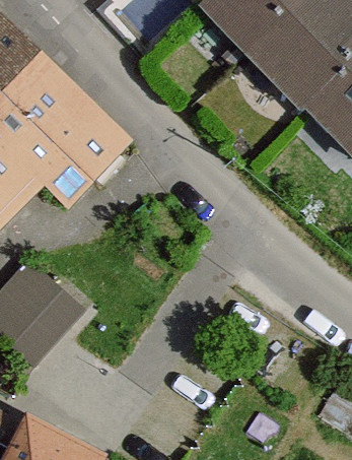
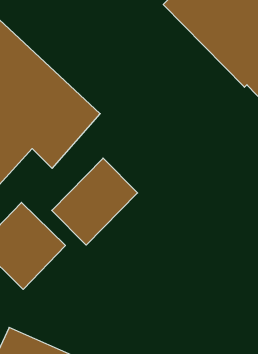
building: none -> [52,158,138,245]

